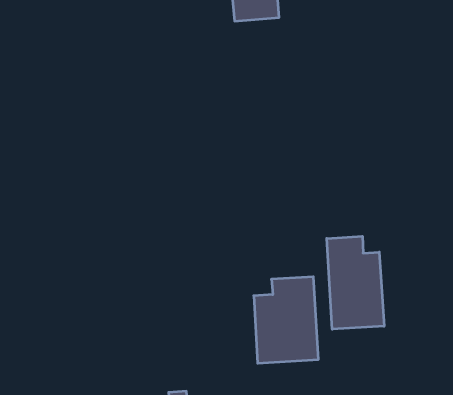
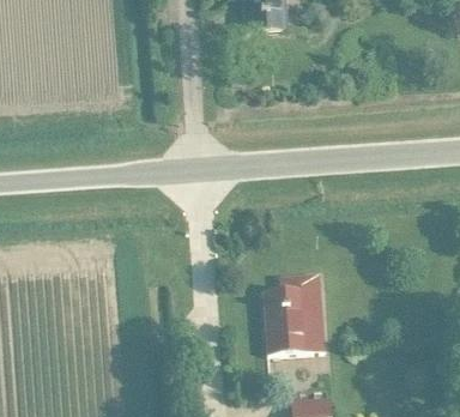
building: [327,236,384,329] -> none

